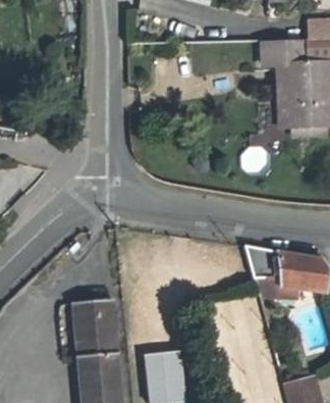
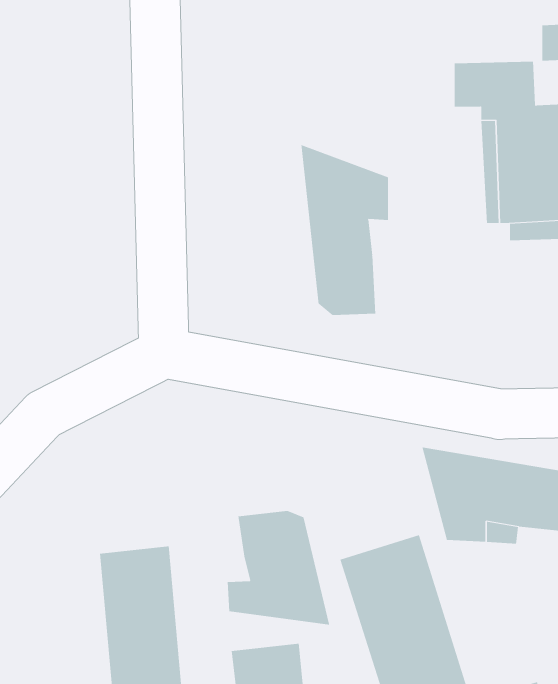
building: none -> [301,144,389,316]
building: none -> [227,510,330,625]

